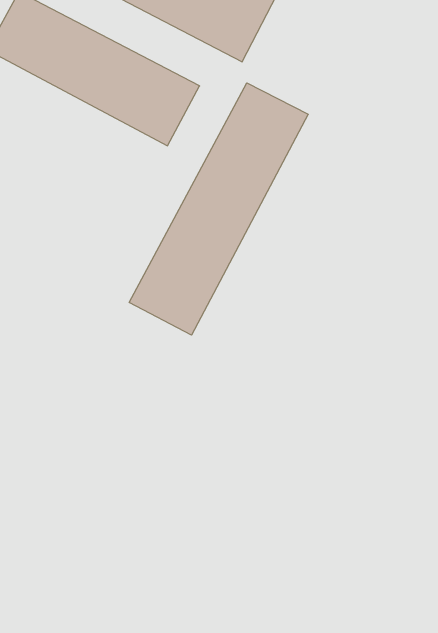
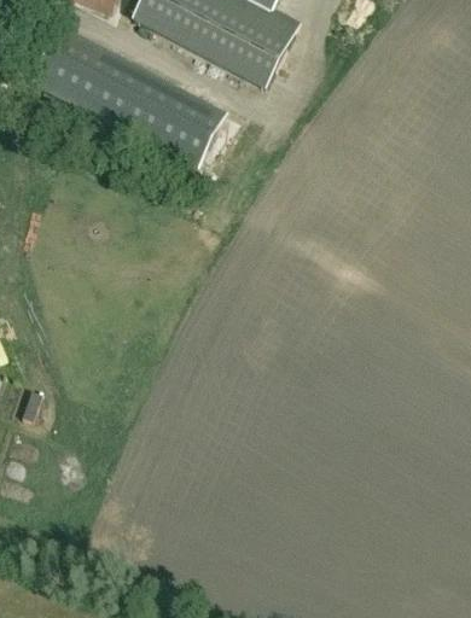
building: [129,83,308,335] -> none

